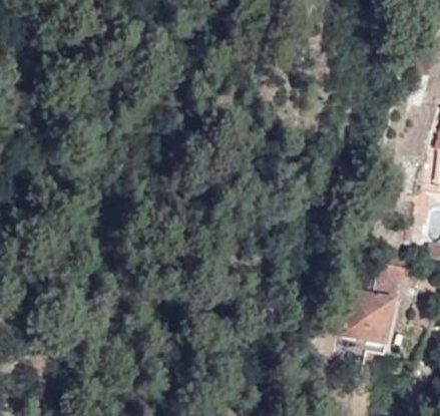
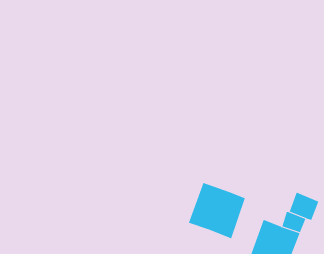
building: none -> [188,182,246,239]

